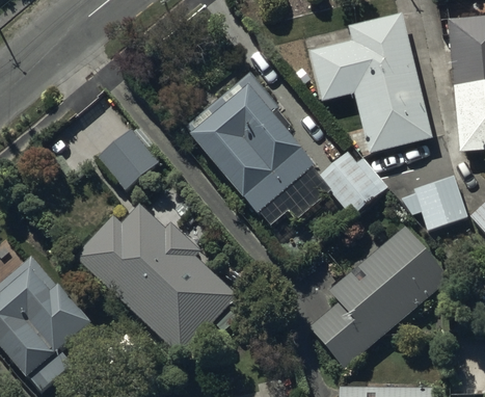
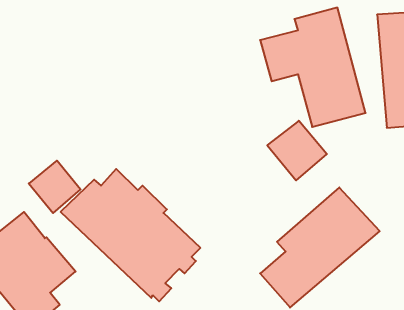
building: [189,88,312,212] -> none
building: [97,127,158,189] -> [29,161,81,213]
building: [404,179,468,230] -> none

